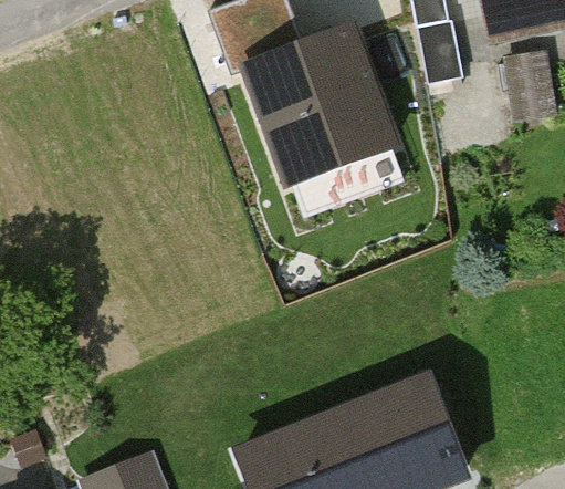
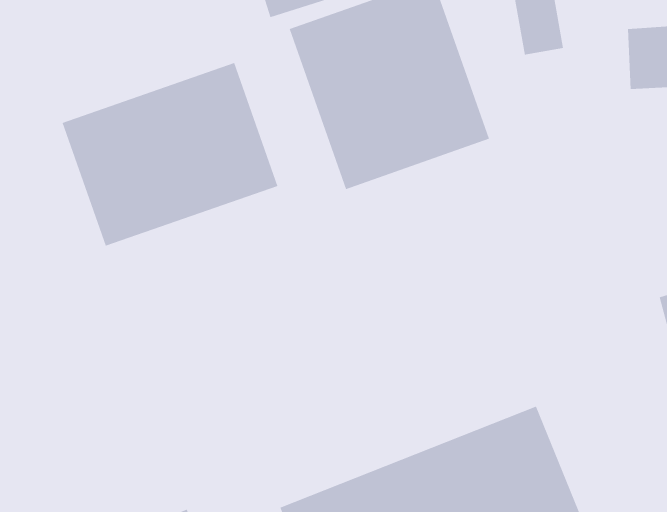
building: none -> [62,62,278,247]

